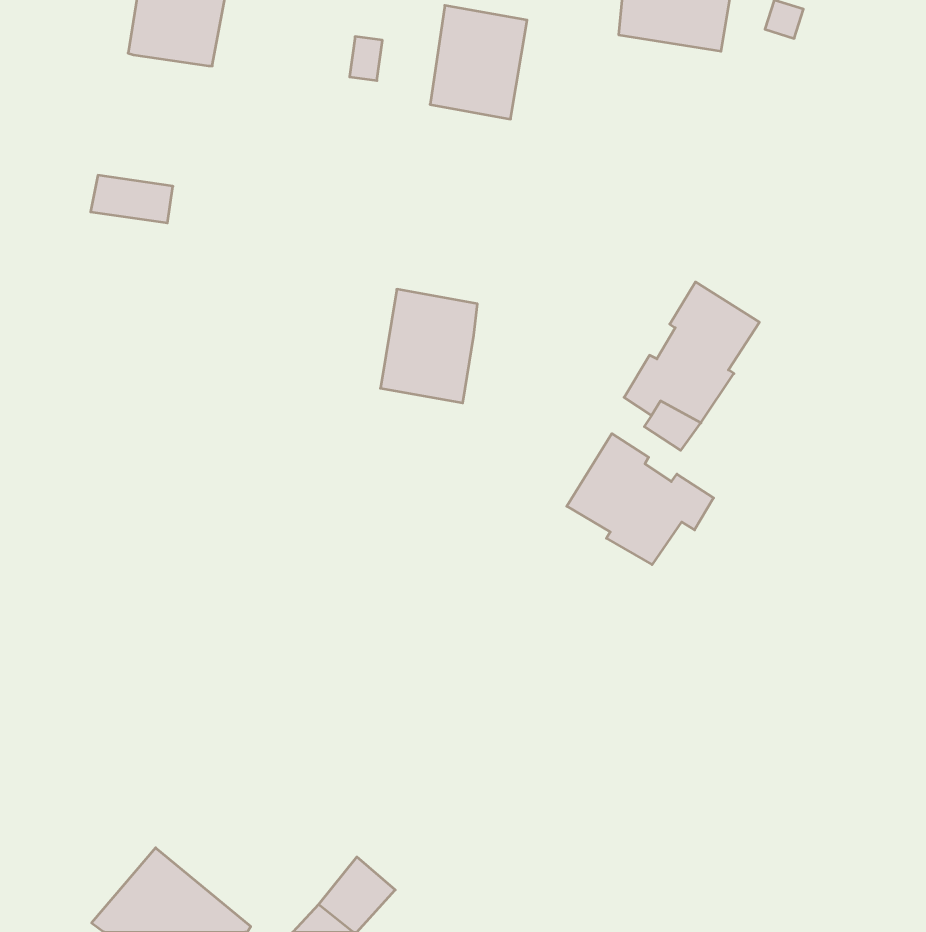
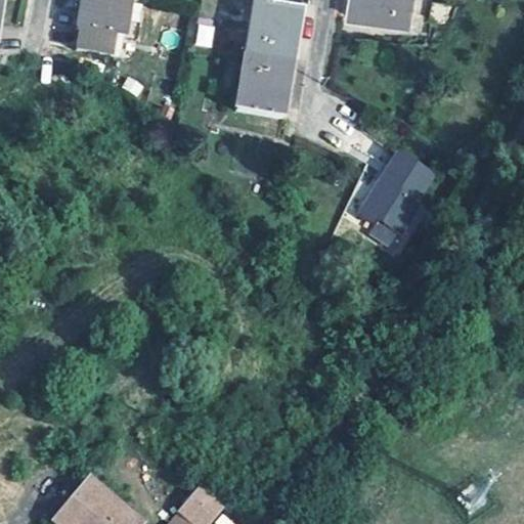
building: [91,175,173,223] -> [76,31,122,57]
building: [380,289,477,403] -> [236,58,291,122]
building: [567,434,714,565] -> none

